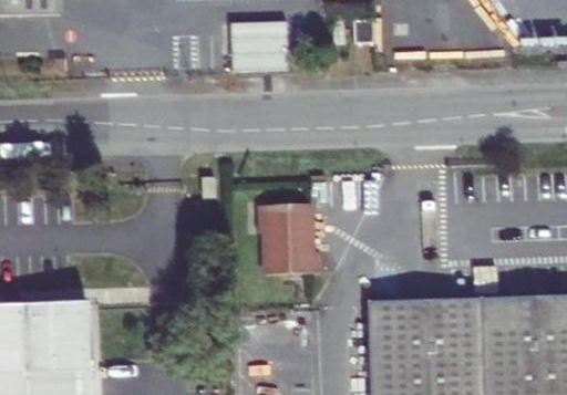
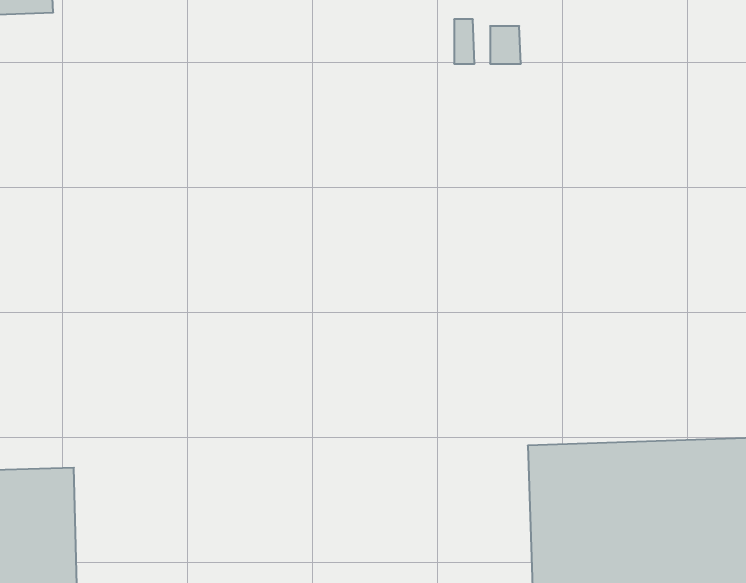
building: [235,22,292,70] -> none
building: [249,212,316,284] -> none

